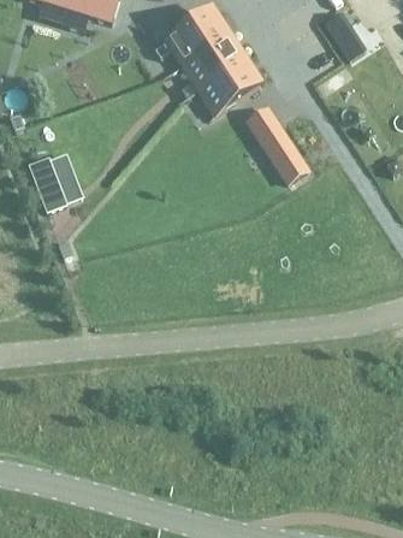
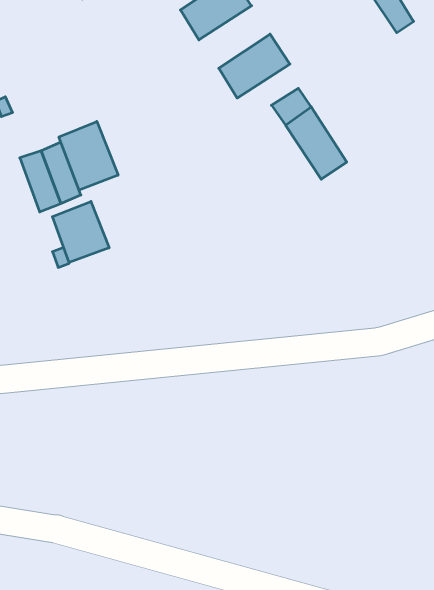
building: [182,35,242,88] -> none
building: none -> [59,121,118,190]
building: none -> [52,201,109,262]

